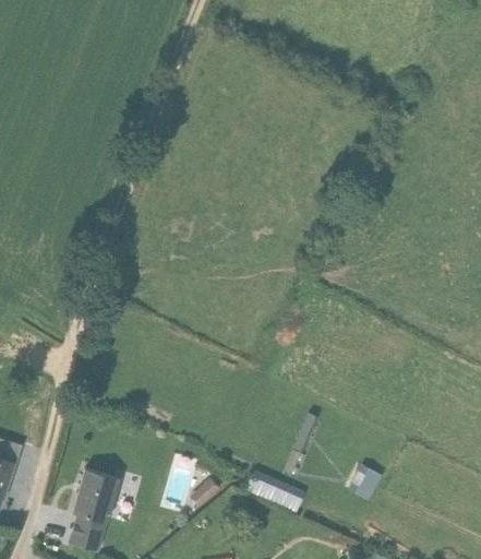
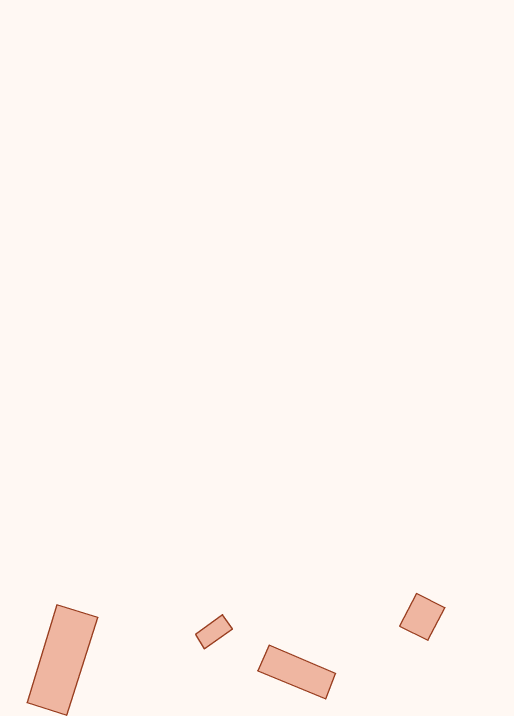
building: [248,468,308,510] -> [258,645,336,699]

